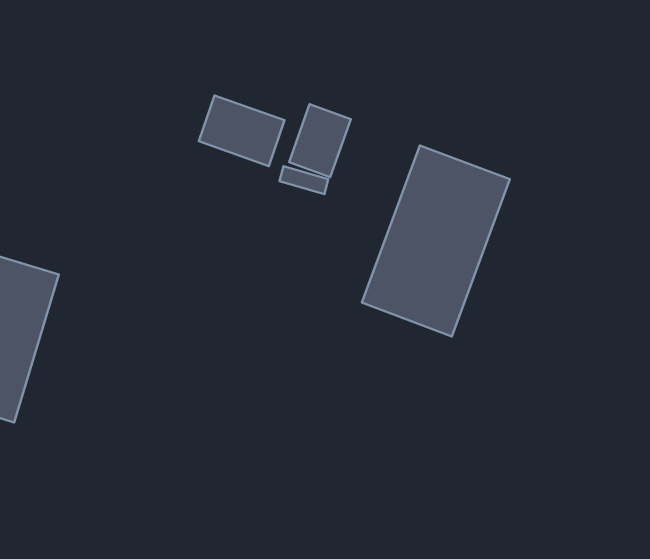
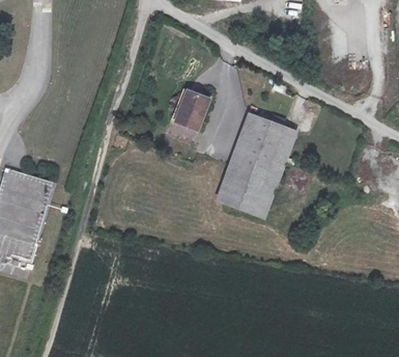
building: [199,95,285,166] -> none

